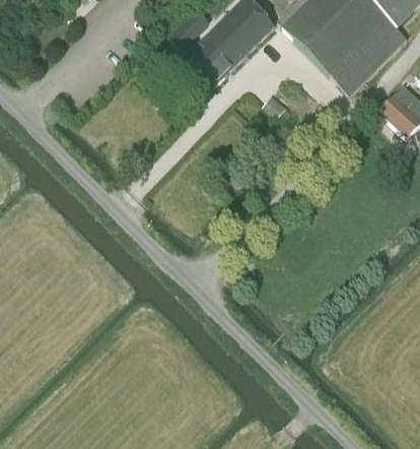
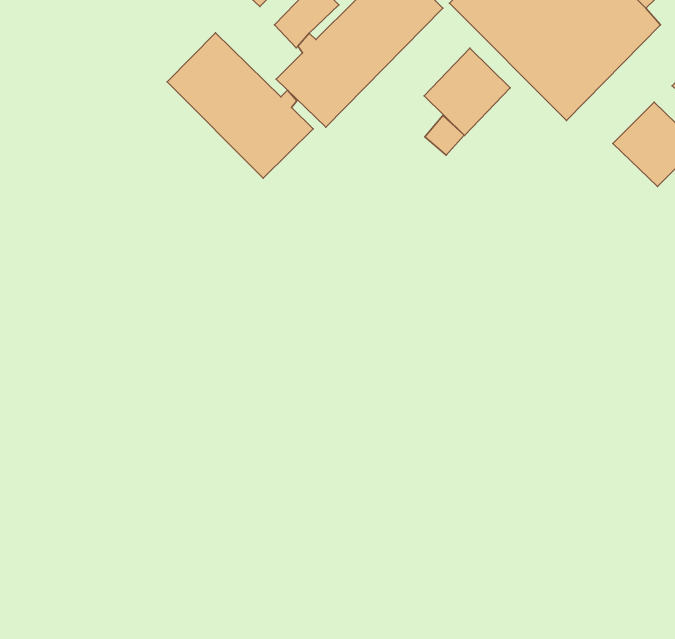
building: none -> [167,33,313,178]
building: none -> [424,48,510,136]

